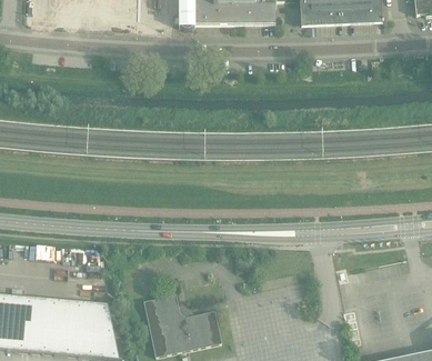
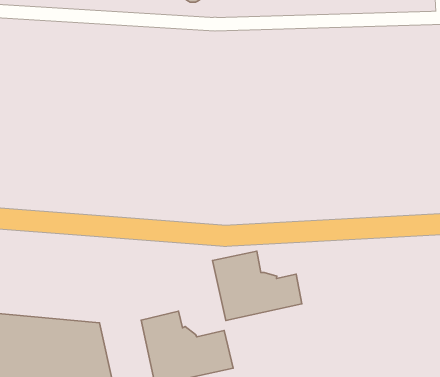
building: none -> [212,251,302,320]

